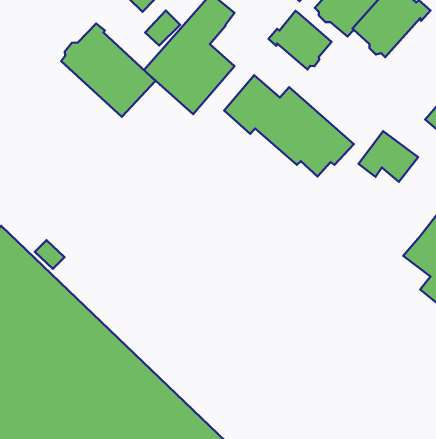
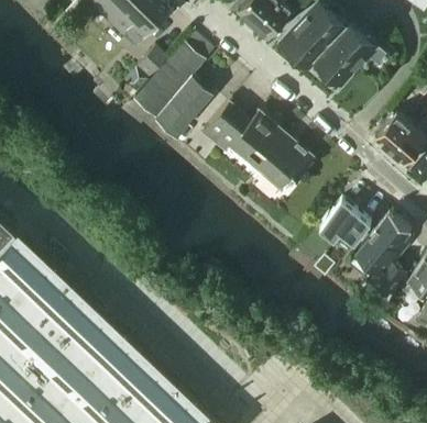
building: [268,11,331,69] -> none
building: [61,24,155,117] -> none
building: [359,131,418,182] -> [320,201,371,244]

